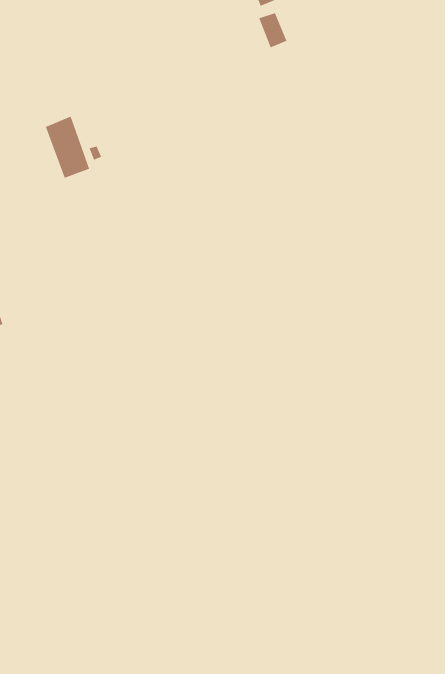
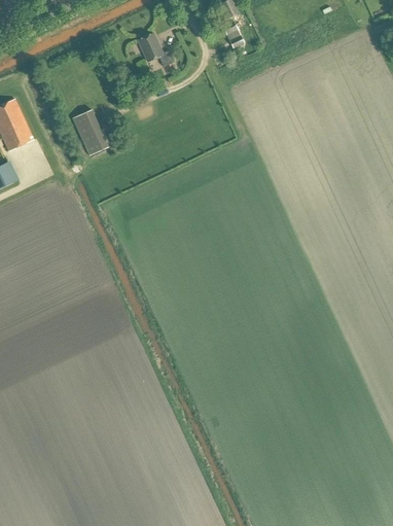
building: none -> [137,32,174,66]

